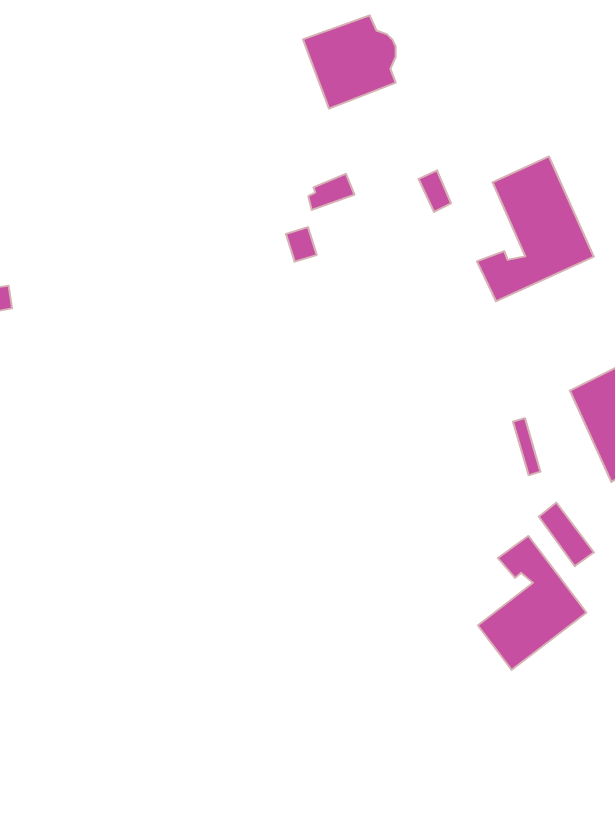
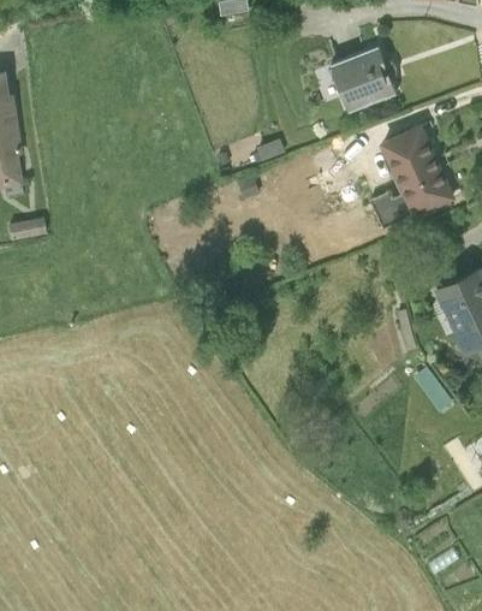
building: [303,15,396,108] -> [331,46,395,111]
building: [478,536,586,670] -> none

